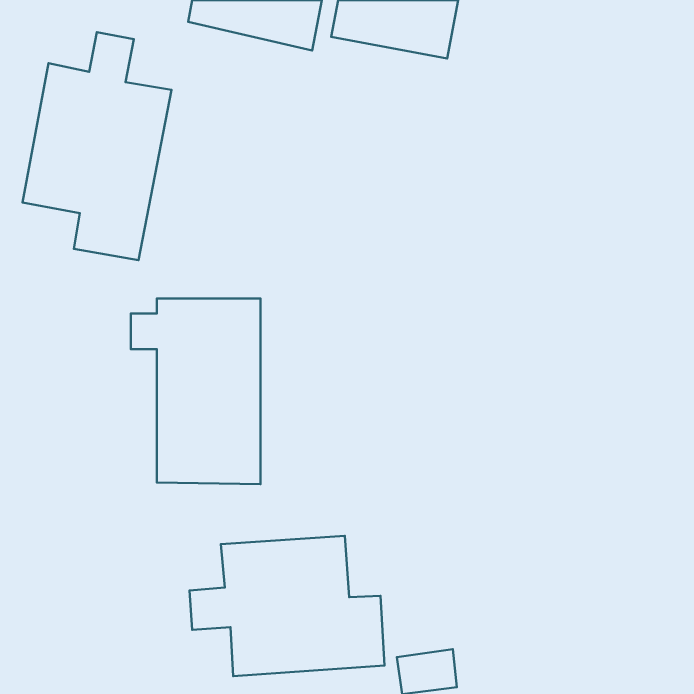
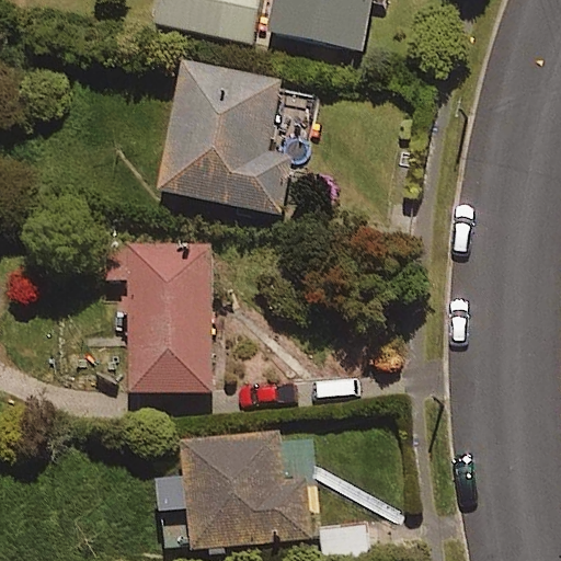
building: [23,32,171,260] -> none
building: none -> [159,62,291,213]

